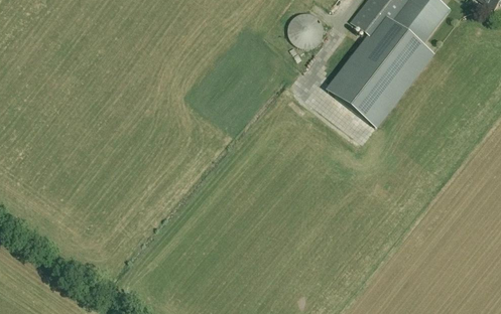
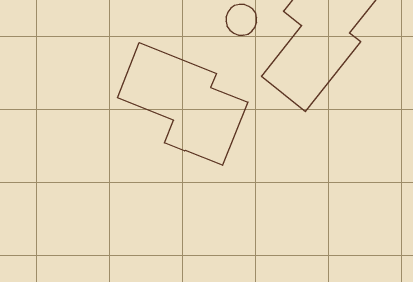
building: none -> [118,43,248,165]

